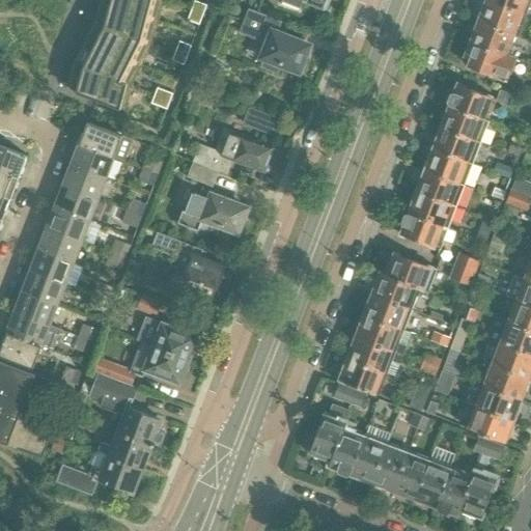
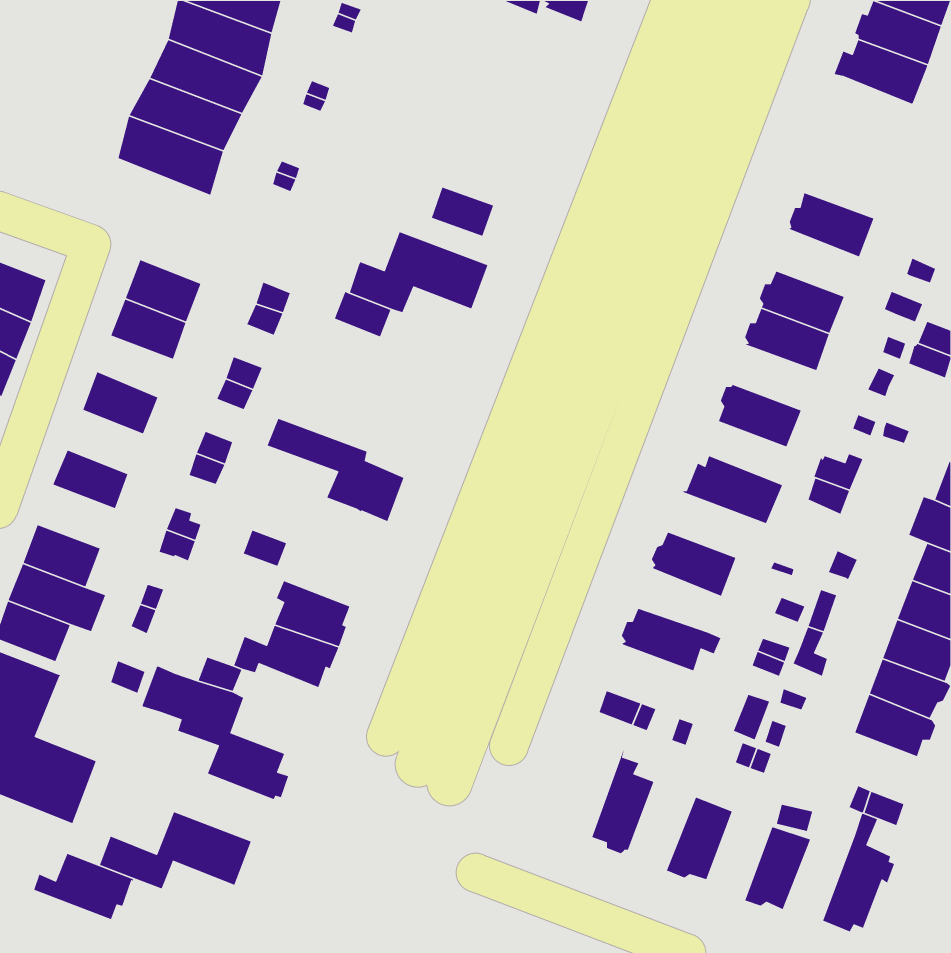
building: [240,9,307,72] -> none
building: [464,43,513,81] -> none
building: [446,84,495,121] -> none
building: [78,122,132,162] -> none
building: [431,128,478,165] -> none
building: [54,187,96,221] -> none
building: [176,191,245,232] -> none
building: [408,192,454,228] -> none
building: [37,228,87,263] -> none
building: [21,270,64,305] -> none
building: [371,274,418,310] -> none
building: [355,316,404,355] -> none
building: [338,359,386,395] -> none
building: [309,403,348,466] -> none
building: [467,408,510,442] -> none
building: [350,426,390,484] -> none
building: [96,430,152,468] -> [33,853,134,920]
building: [393,451,429,501] -> none
building: [436,465,475,514] -> none

